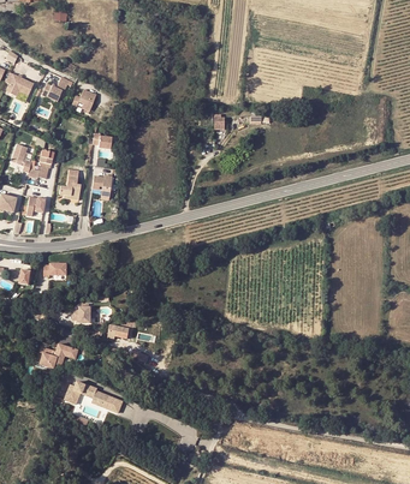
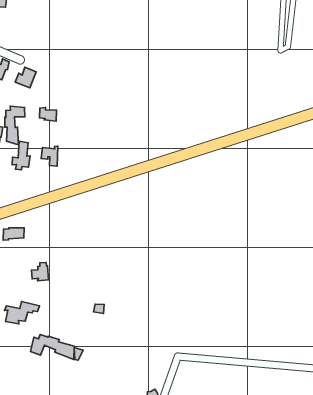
building: none -> [5,106,25,145]

